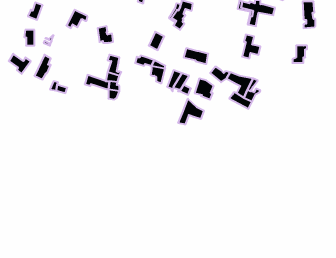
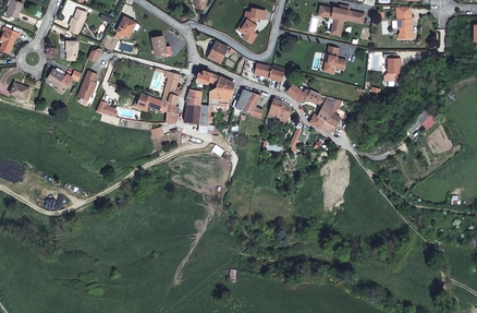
building: none -> [185,88,209,124]
building: [178,99,204,125] -> none

